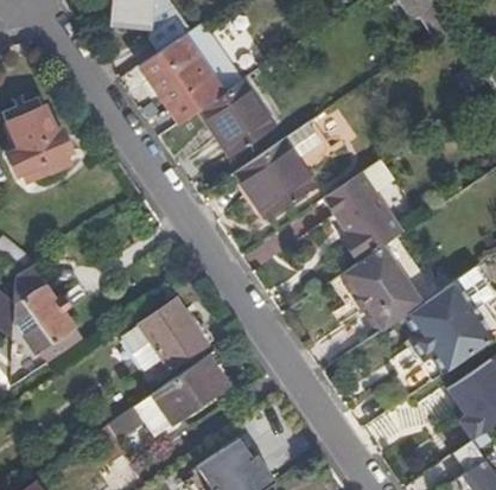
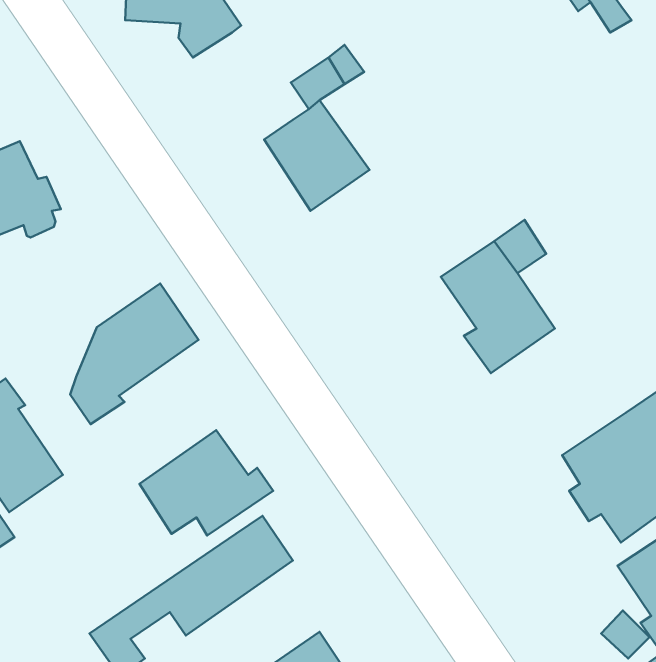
building: [139,34,225,123] -> none
building: [236,120,335,218] -> none
building: none -> [70,283,198,424]
building: [342,227,447,324] -> none

